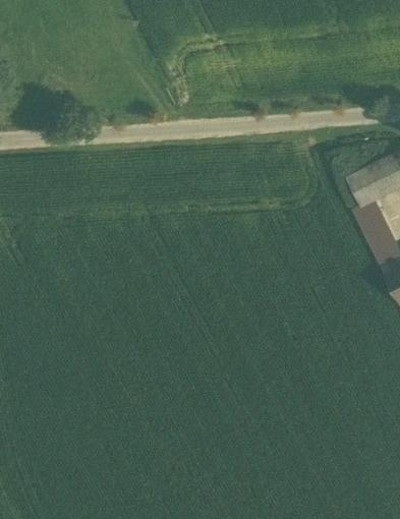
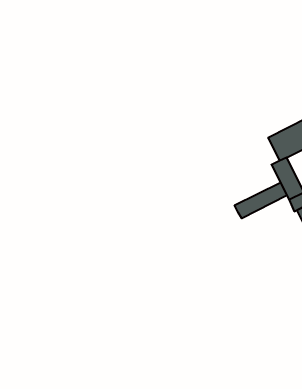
building: none -> [235,183,287,218]

